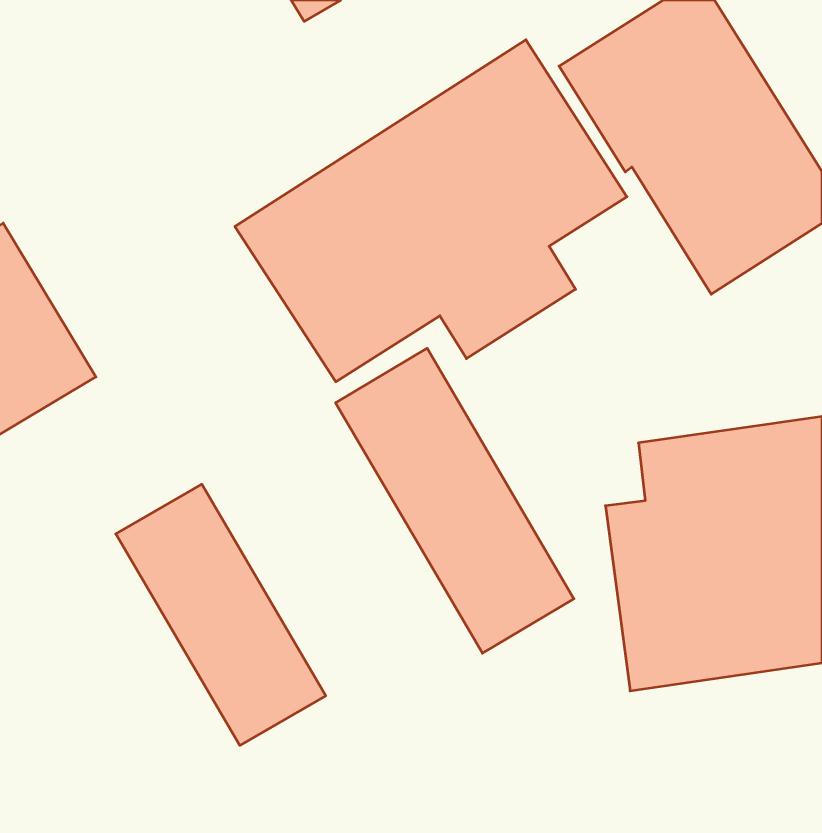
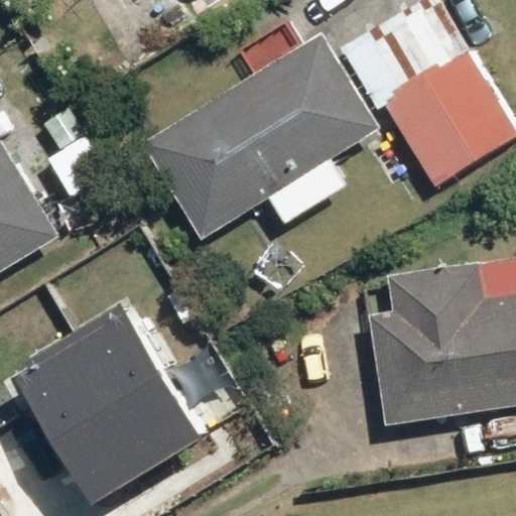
building: [336,348,574,653] -> none
building: none -> [21,333,146,491]

